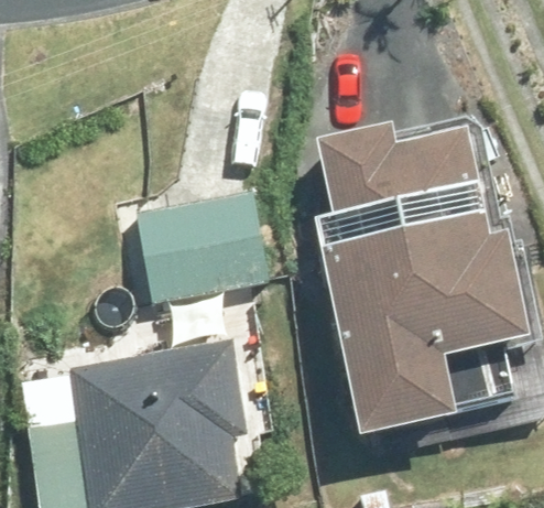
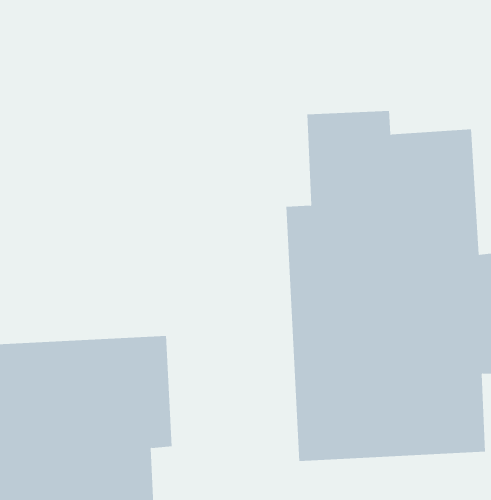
building: [141,194,272,301] -> none

